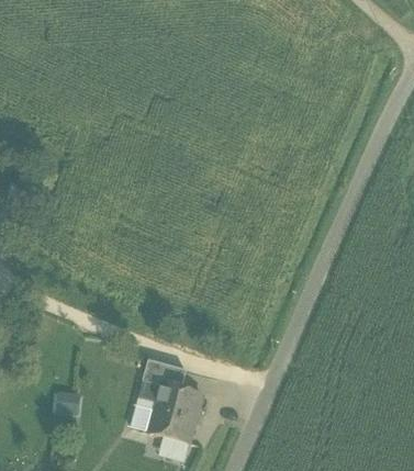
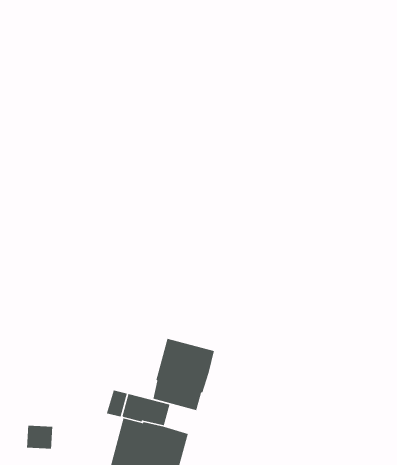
building: none -> [152,338,215,411]

